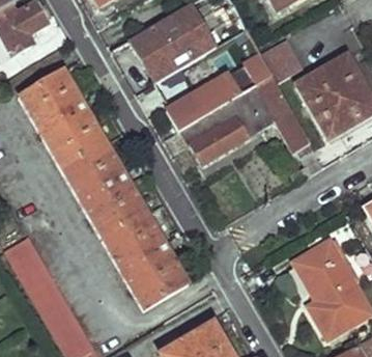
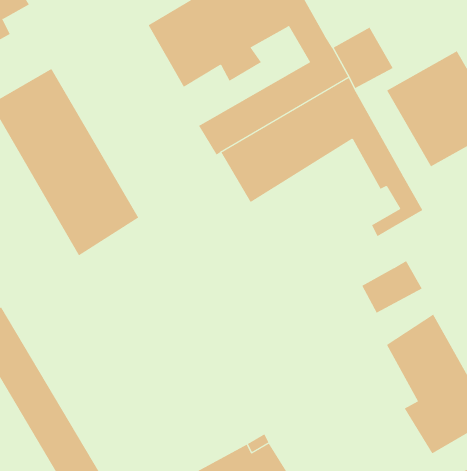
building: [81,173,188,308] -> none
building: none -> [361,260,422,314]

